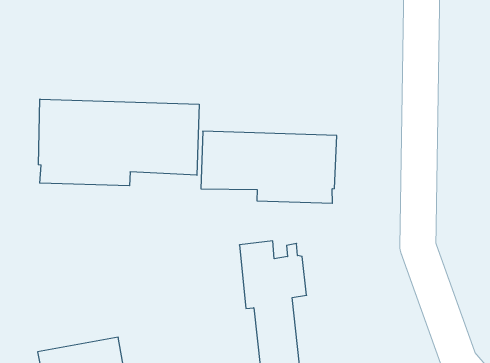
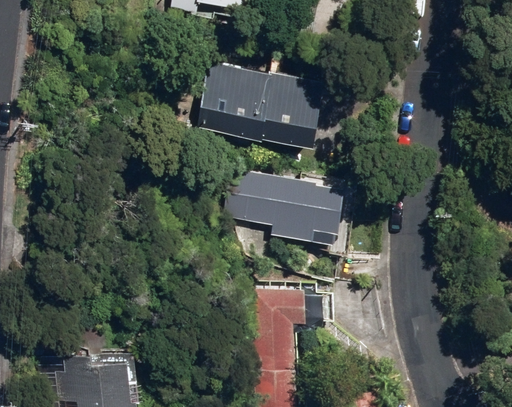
building: none -> [197,64,324,148]
building: [38,99,199,186] -> none

